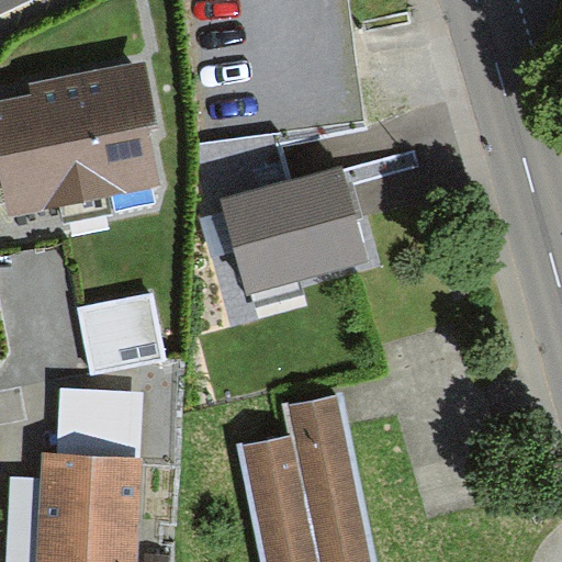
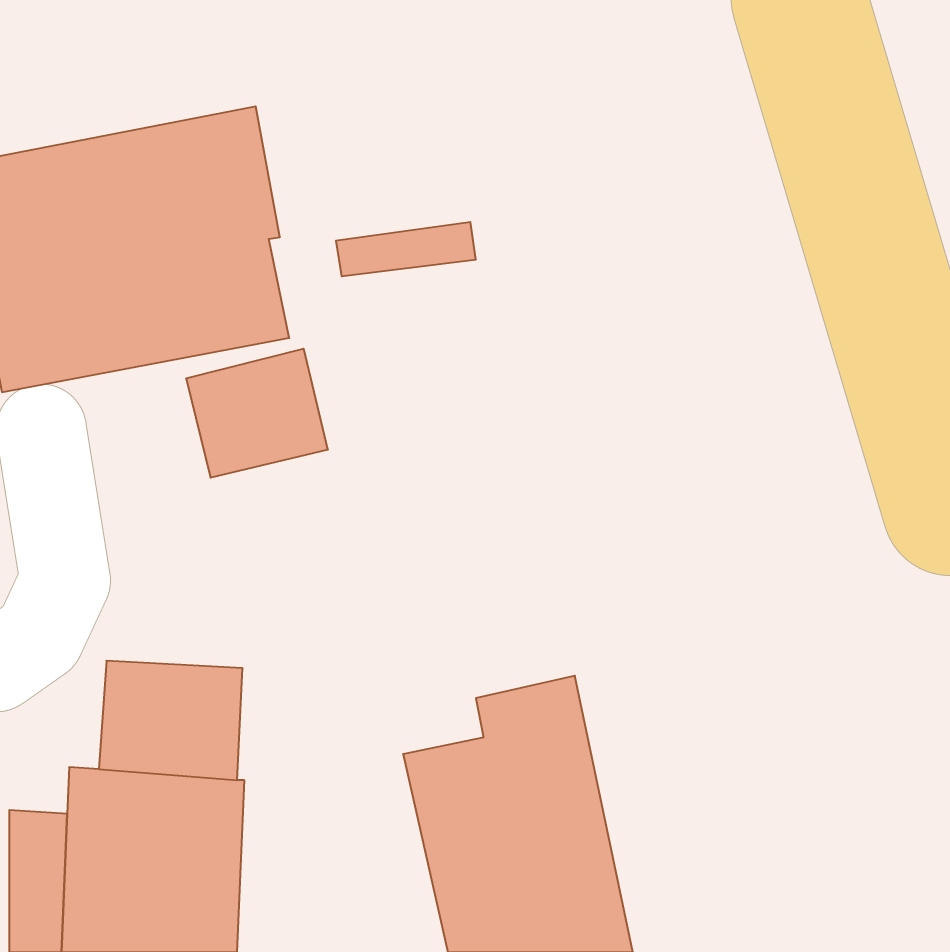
building: [220,164,368,301] -> none
building: [75,299,158,374] -> [186,349,328,478]

